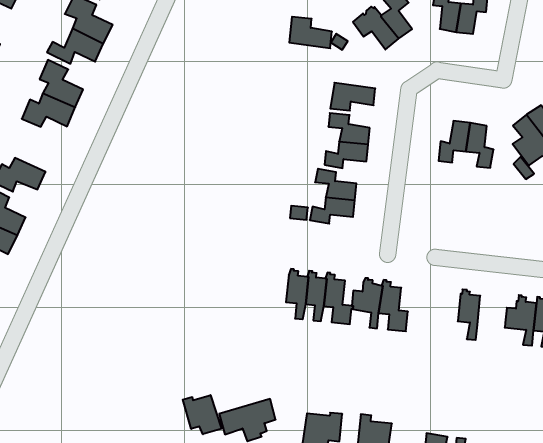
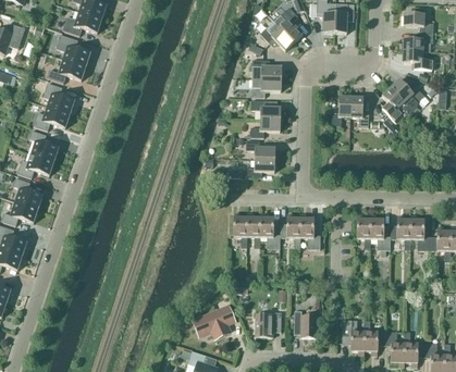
building: [289,17,332,48] -> [251,59,281,78]
building: none -> [28,129,58,161]
building: none -> [370,214,390,249]
building: [183,395,222,434] -> none

